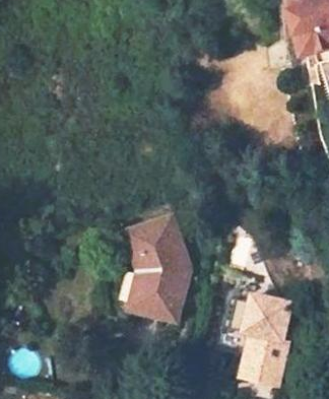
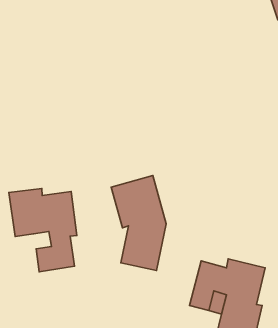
building: none -> [9,189,77,272]

